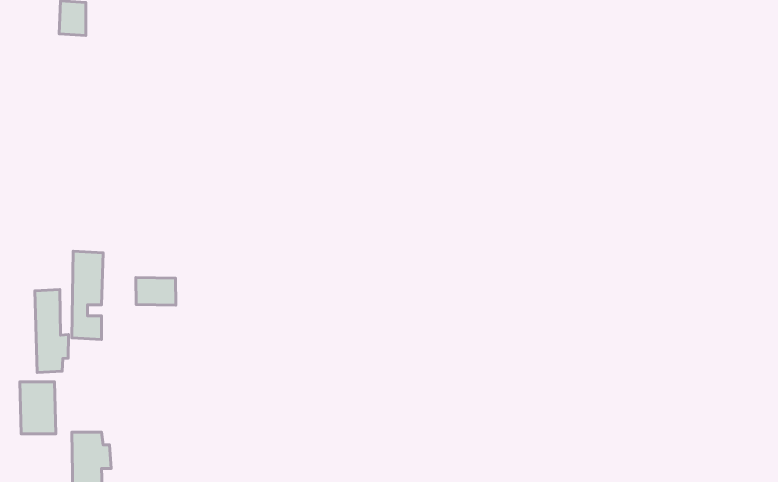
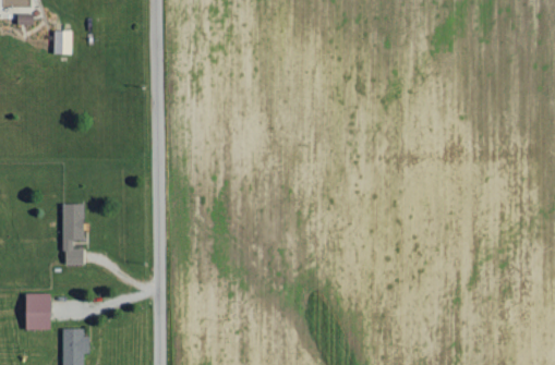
building: [136,277,176,305] -> none
building: [35,290,68,372] -> none

